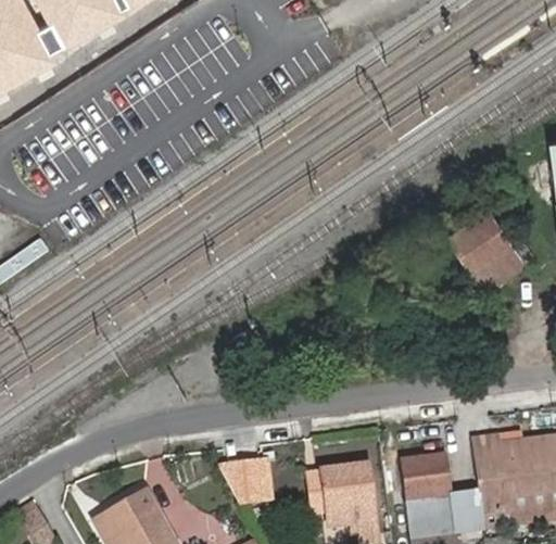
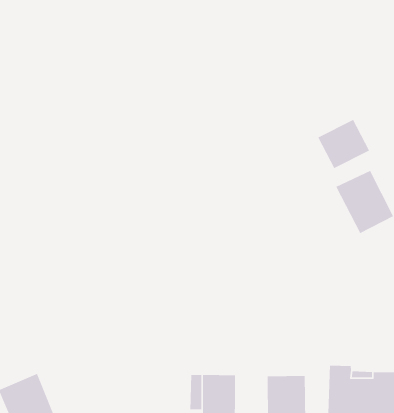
building: none -> [317,119,370,169]
building: [227,457,271,497] -> none

